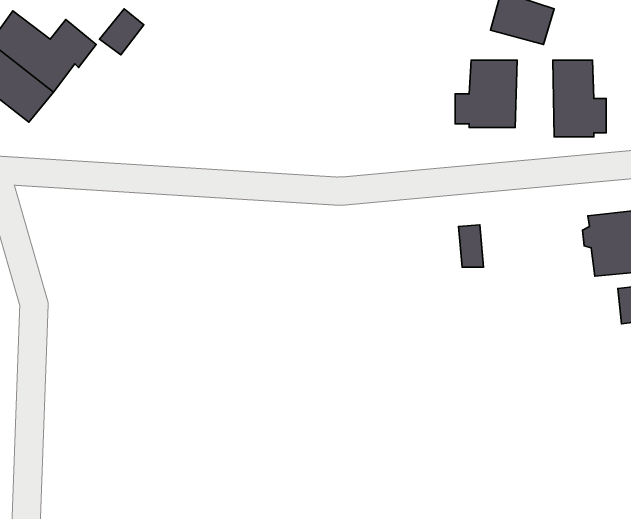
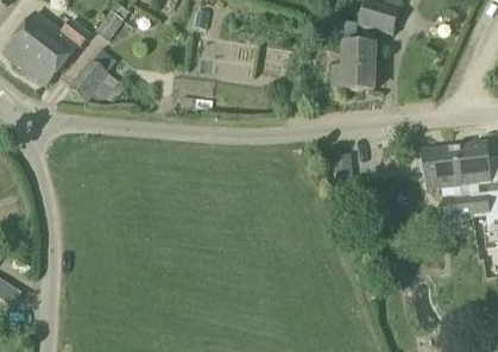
building: [553,60,606,137] -> none
building: none -> [68,48,124,101]

